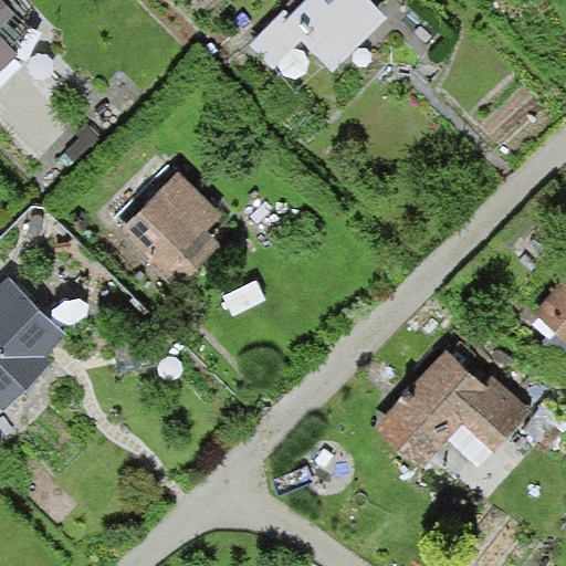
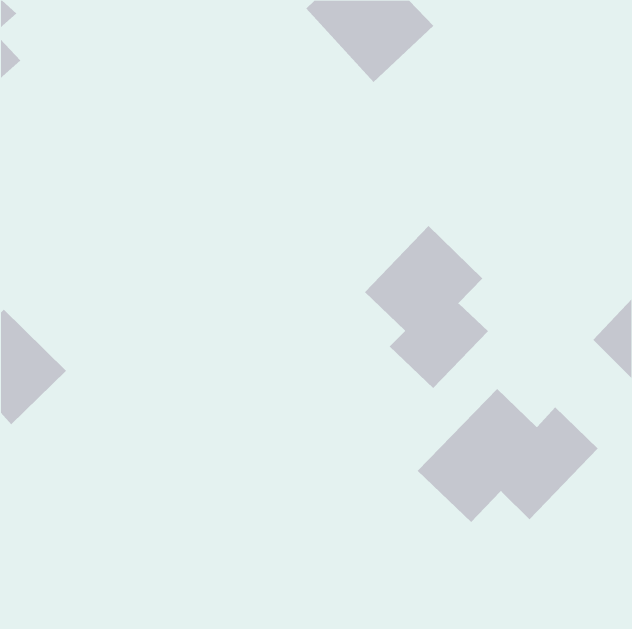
building: [109,171,231,292] -> none
building: none -> [364,225,489,389]

